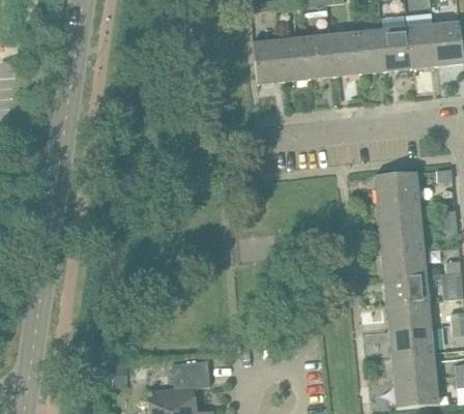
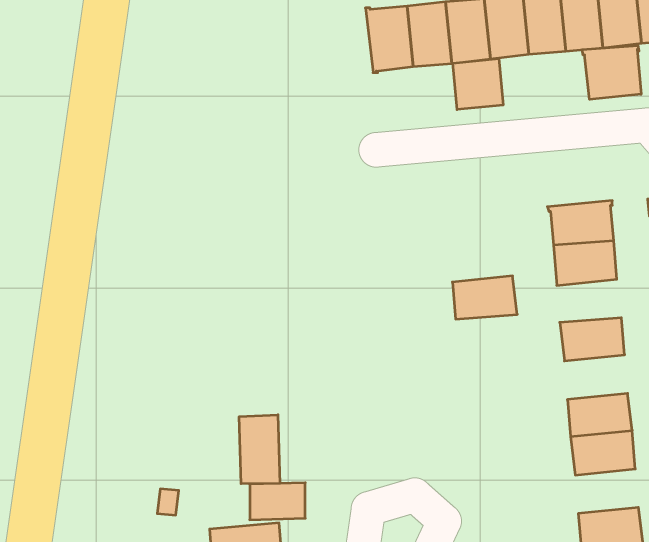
building: none -> [582,45,641,99]
building: none -> [453,59,503,110]
building: [380,223,424,252] -> [452,276,517,319]
building: [385,273,428,303] -> none
building: none -> [239,415,280,484]
building: [393,350,435,380] -> none

